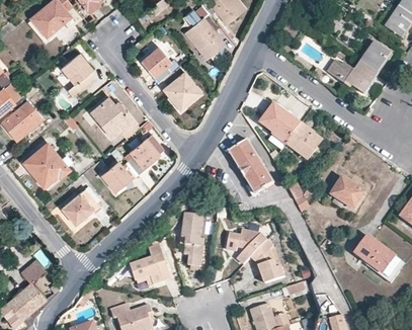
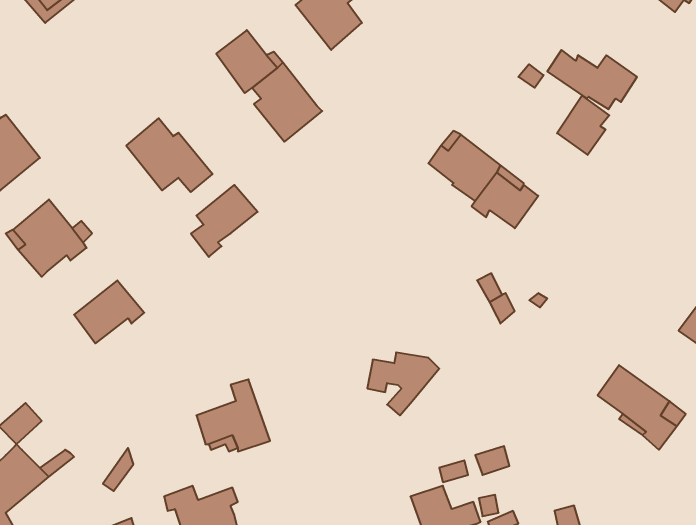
building: [360,40,390,74] -> [557,95,609,155]
building: [61,54,95,91] -> none
building: [229,140,274,194] -> none
building: [101,162,137,190] -> none
building: [332,177,365,210] -> none
building: [180,207,203,266] -> none
building: [251,238,284,282] -> none

